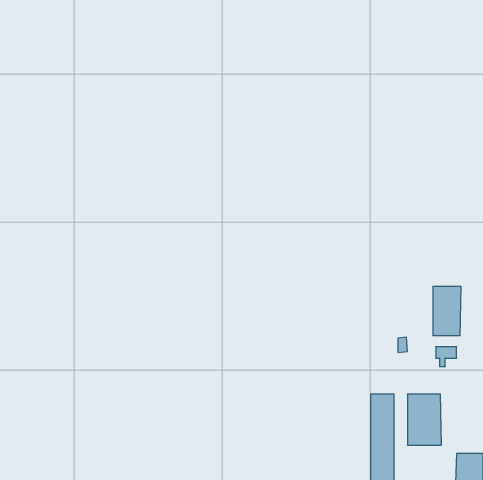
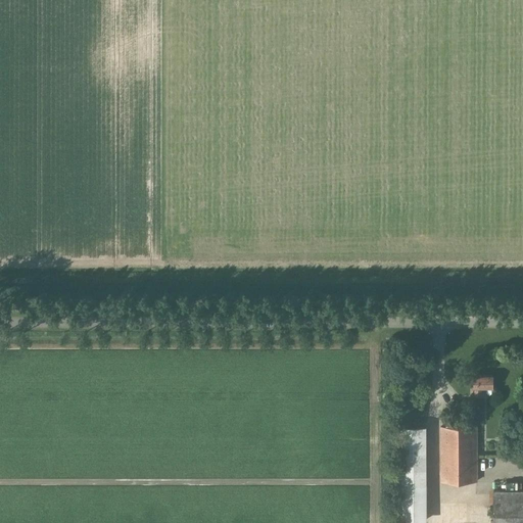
building: [433,286,461,336] -> none

